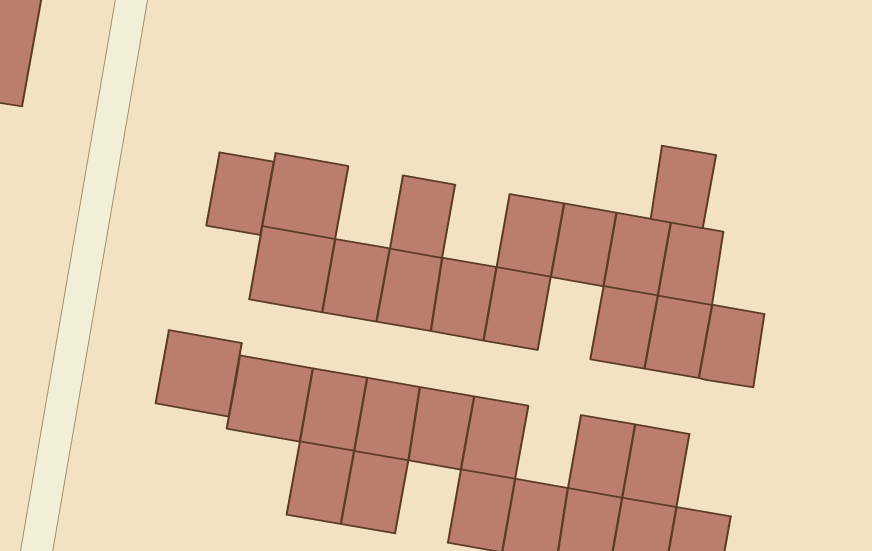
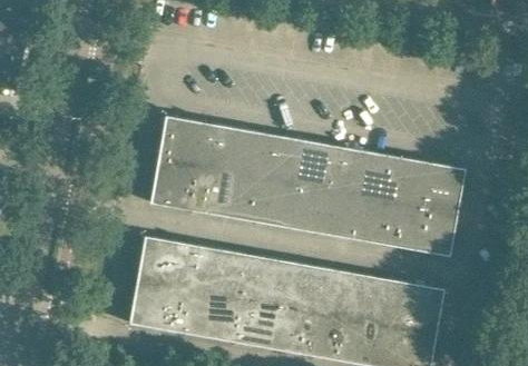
building: [651,146,716,228] -> [426,162,465,211]
building: [206,152,274,235] -> [202,123,242,172]
building: none -> [265,135,305,184]
building: none -> [322,189,361,238]
building: [156,330,242,416] -> [129,279,180,330]
building: none -> [309,266,348,315]
building: none -> [404,283,443,332]
building: none -> [237,298,276,347]

